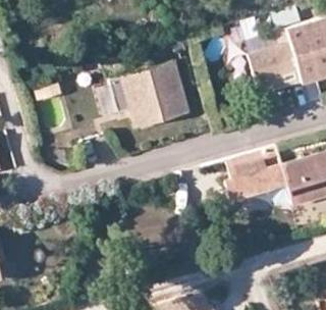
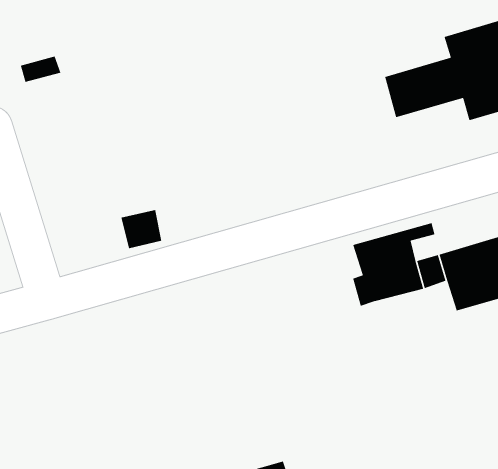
building: [111,59,188,125] -> none

